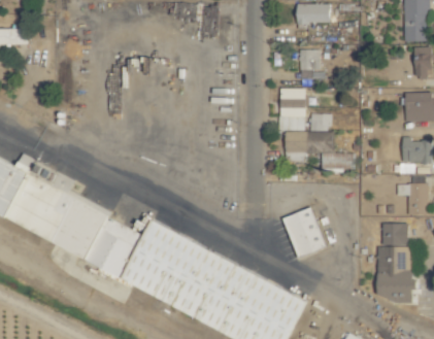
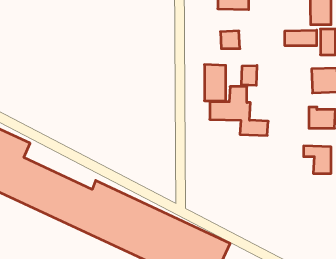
building: none -> [285,30,317,46]
building: none -> [242,65,257,85]
building: [283,207,334,258] -> none
building: [378,224,411,302] -> none

